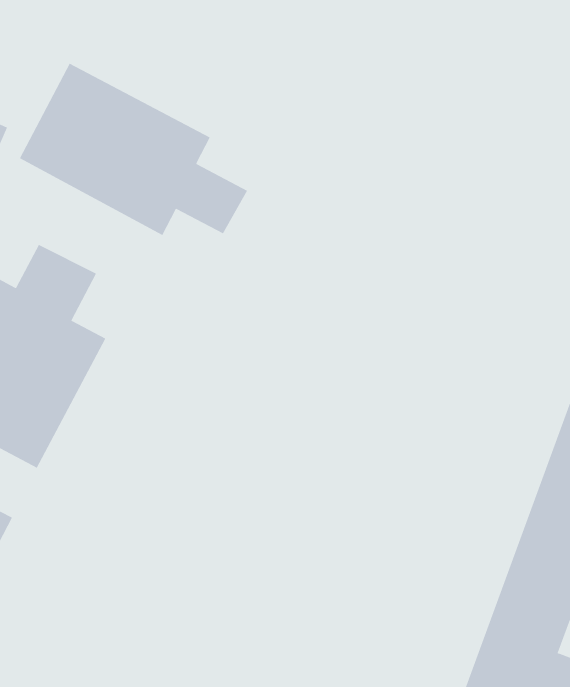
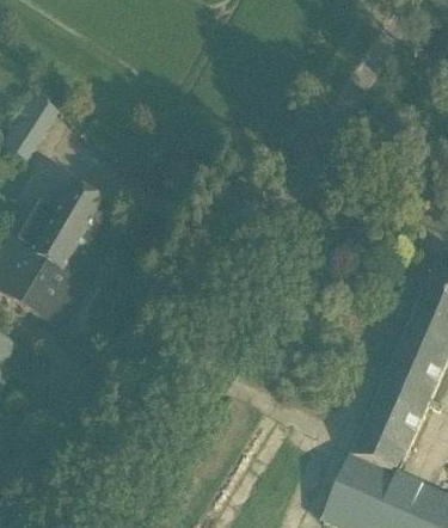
building: [19,63,248,236] -> none

